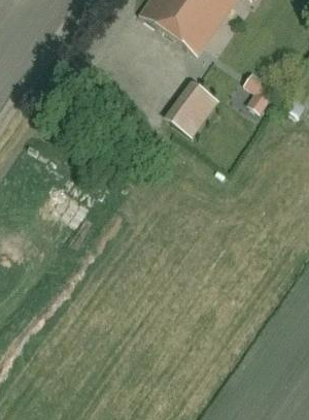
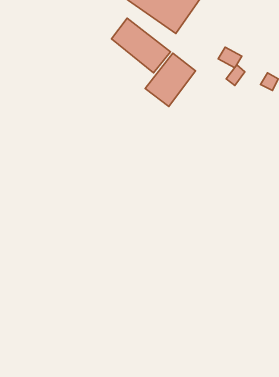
building: none -> [111,18,171,73]

